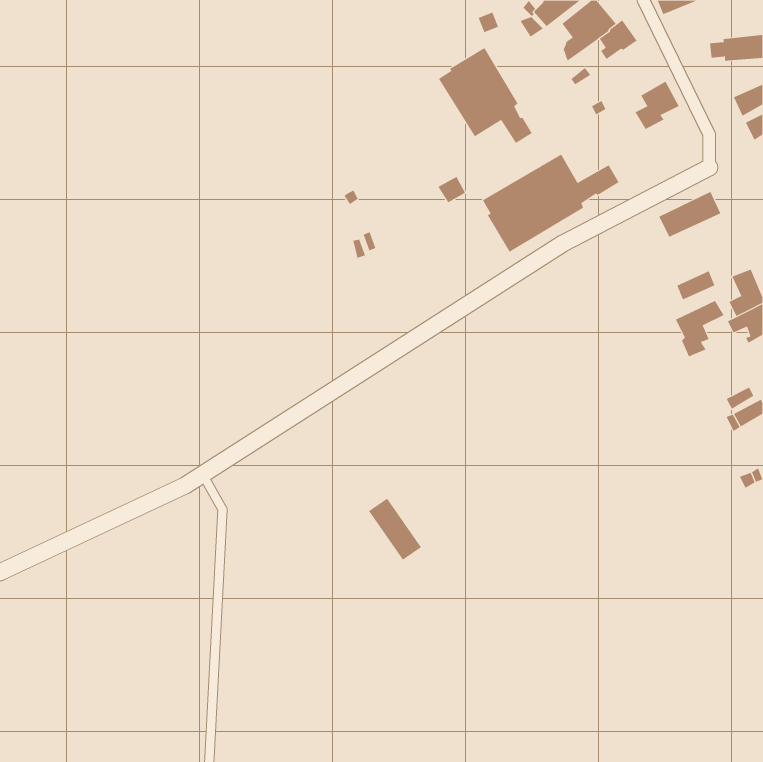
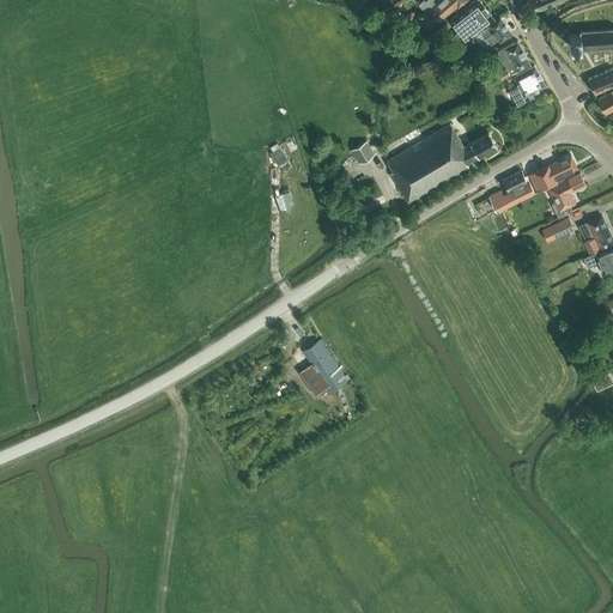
building: [438,47,533,144] -> none
building: none -> [492,41,530,83]
building: none -> [488,171,534,211]
building: [675,300,724,357] -> [547,172,587,218]
building: [368,498,422,561] -> [303,341,346,392]

